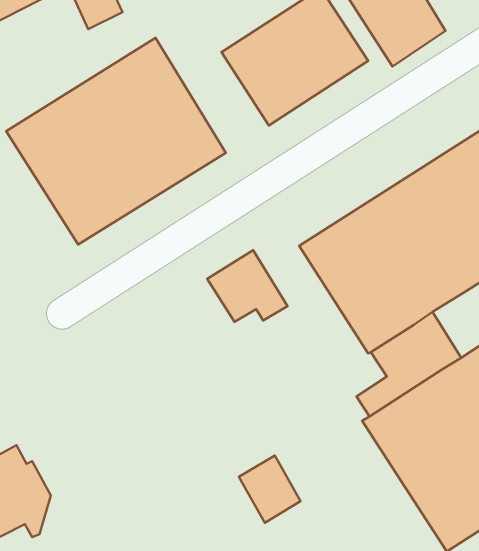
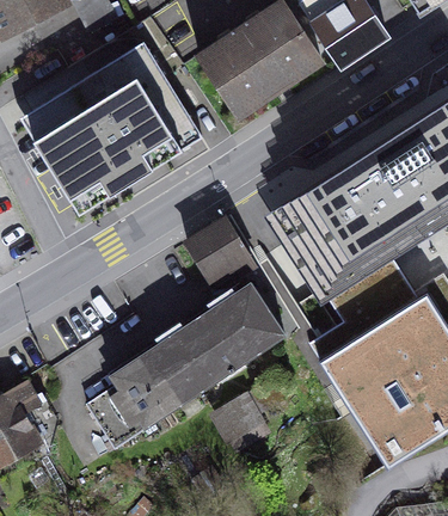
building: none -> [87,283,287,447]

